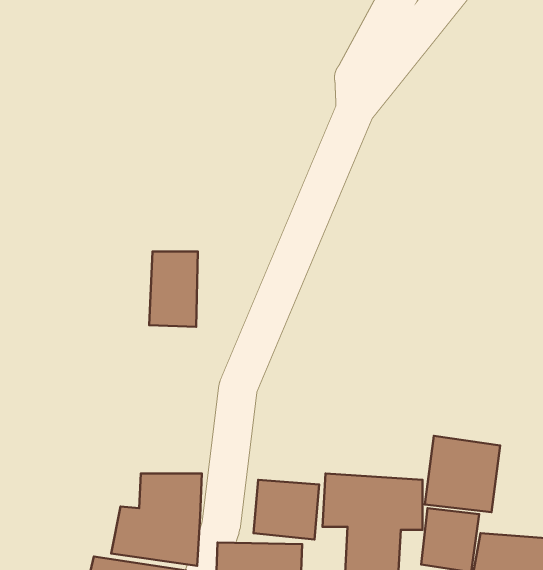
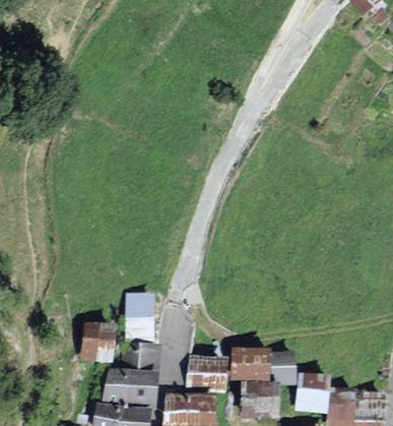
building: [149,252,198,327] -> [125,297,156,346]
building: none -> [77,321,114,361]
building: [425,436,500,512] -> none

